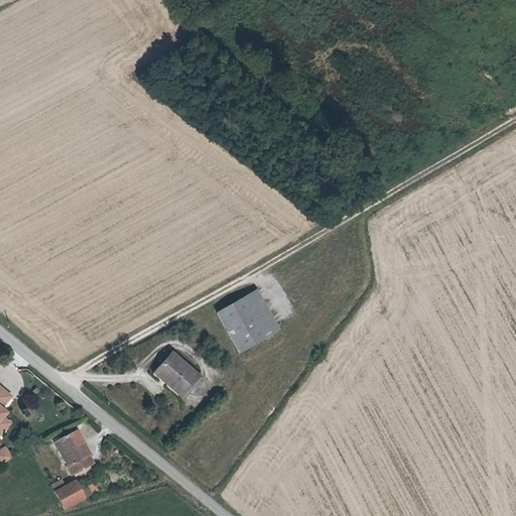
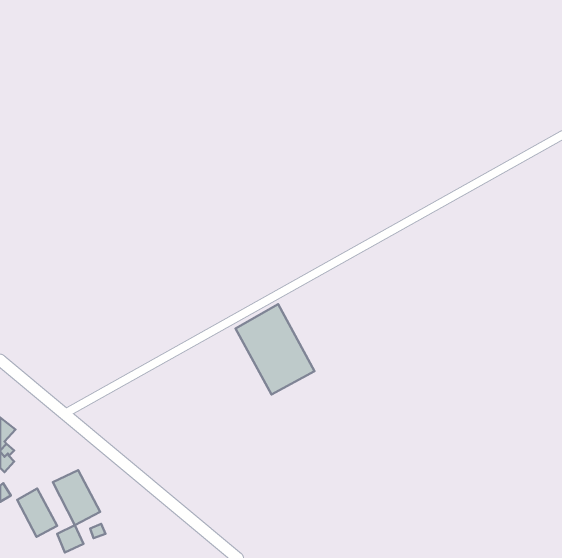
building: [153,354,197,395] -> none
building: none -> [17,489,57,537]

